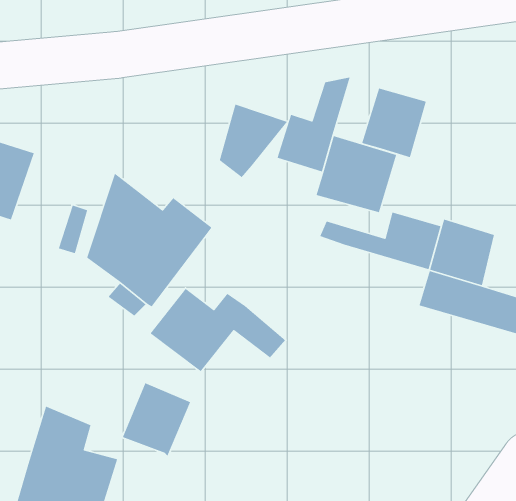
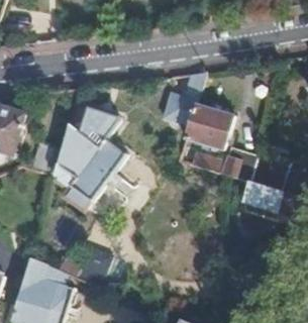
building: [361,87,427,158] -> none
building: [219,104,288,178] -> [84,103,123,145]
building: [149,288,286,372] -> none

